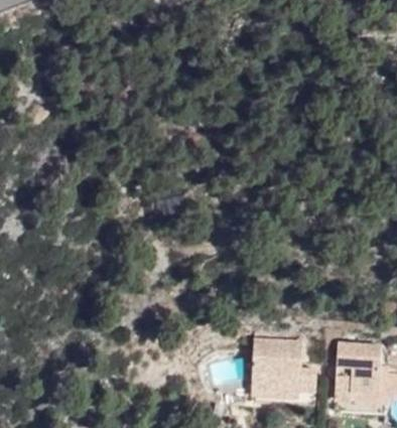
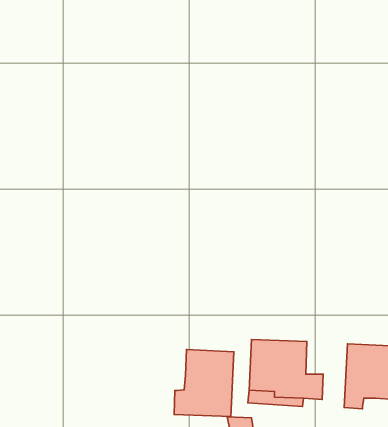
building: none -> [174,350,234,416]

